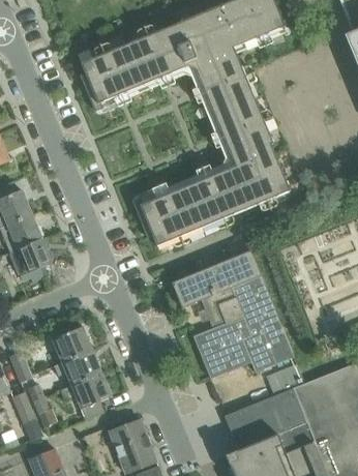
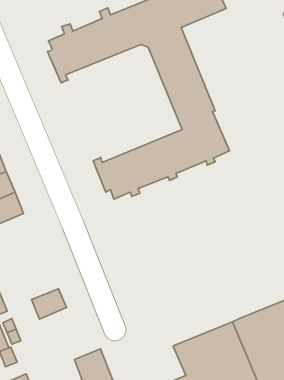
building: [171,240,295,379] -> none
building: [51,327,91,362] -> none
building: [265,363,303,395] -> none
building: [60,371,111,420] -> none

